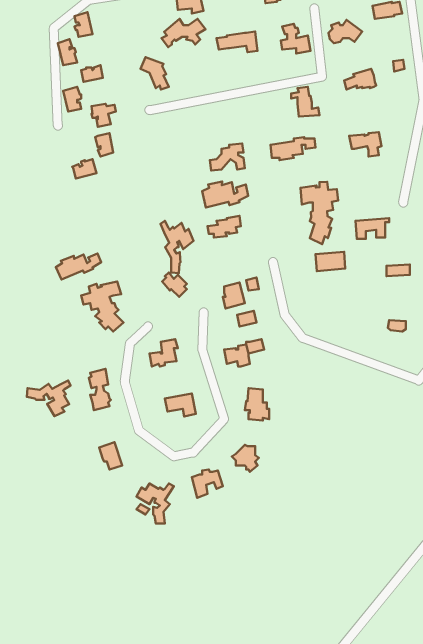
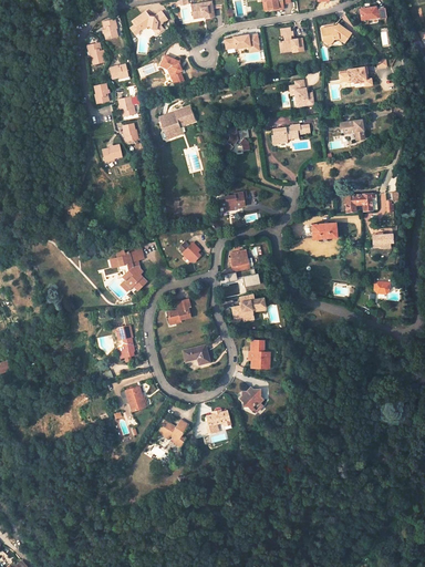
building: [162,19,205,47] -> [129,11,167,35]
building: none -> [158,107,195,138]
building: [202,182,248,207] -> none
building: [301,182,338,244] -> none
building: [160,221,194,273] -> none
building: [56,253,101,279] -> none
building: [27,381,70,416] -> none

